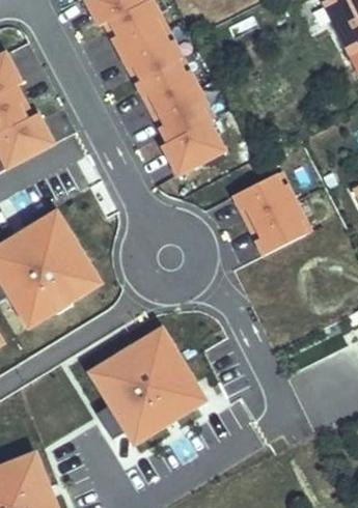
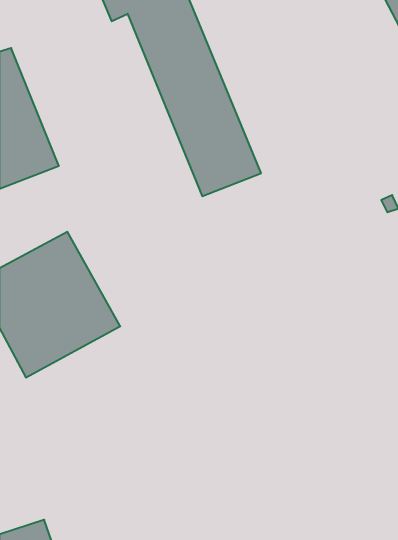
building: [230,167,311,254] -> none
building: [83,321,208,446] -> none

